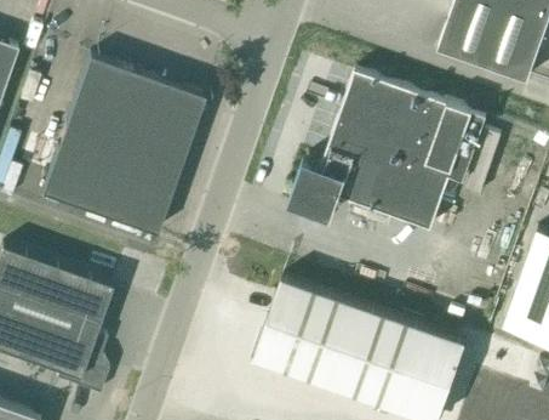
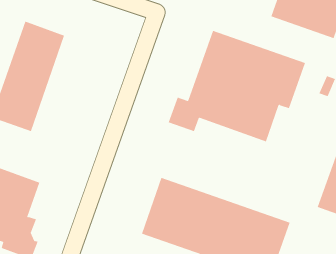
building: [99,76,205,233] -> none

